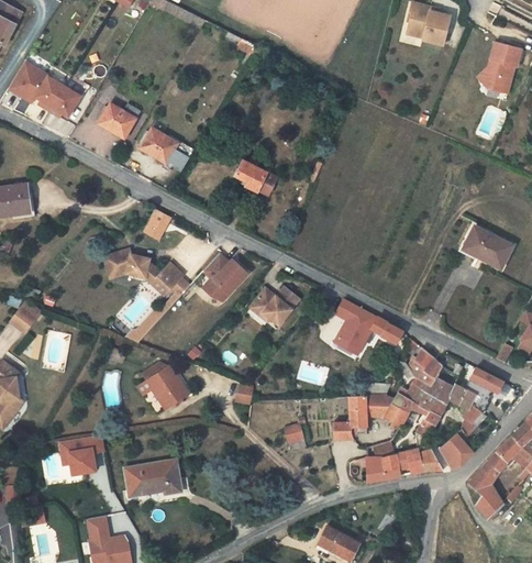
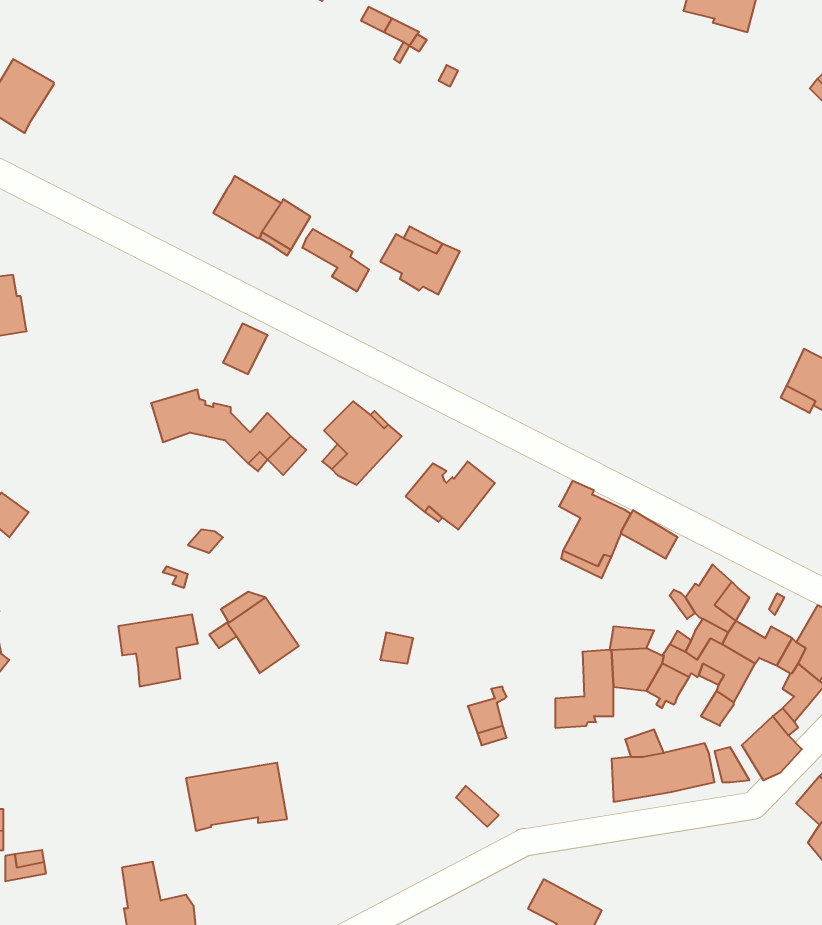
building: [36,76,81,117] -> none
building: [99,103,140,139] -> none
building: none -> [302,229,369,291]
building: [60,434,106,475] -> [118,614,198,686]

